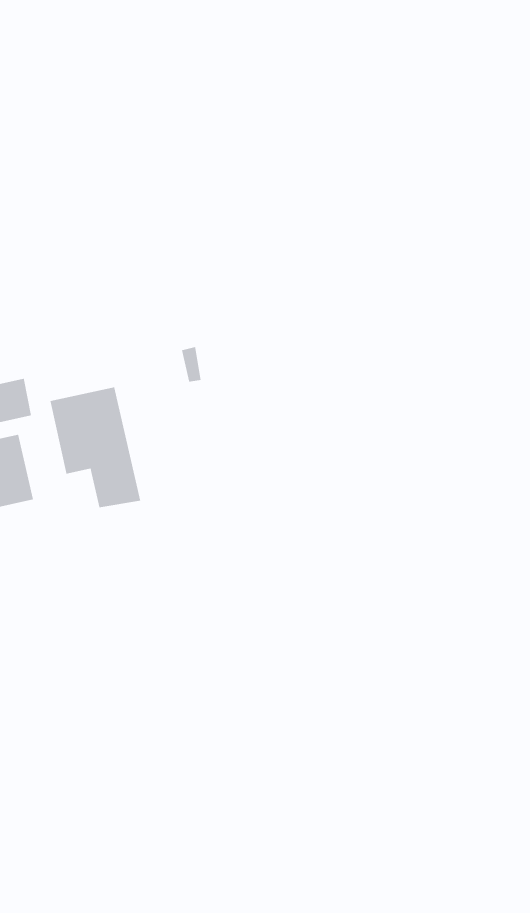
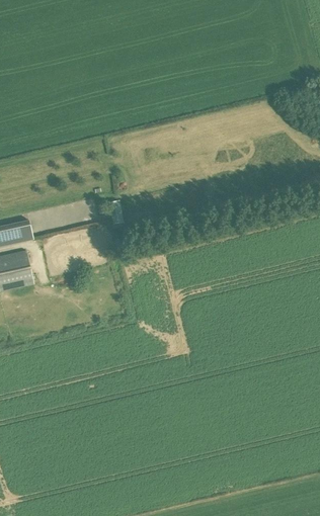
building: [50,386,141,508] -> none

